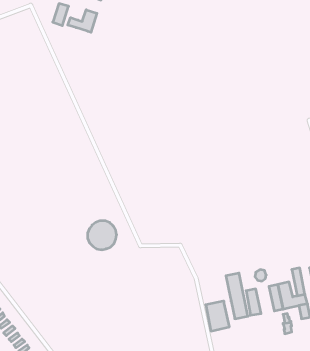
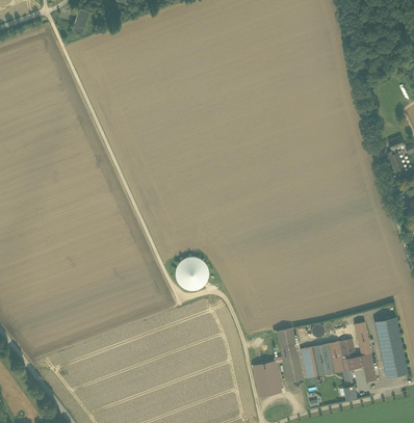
building: [68,10,97,32] -> none
building: [88,221,117,250] -> [175,257,209,291]
building: none -> [312,344,334,376]

